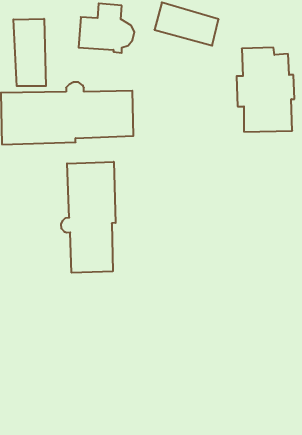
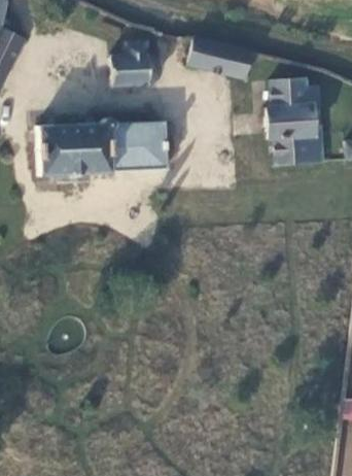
building: [13,19,46,86] -> none
building: [61,162,116,273] -> none

